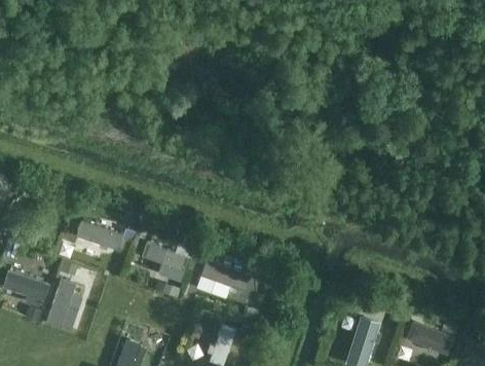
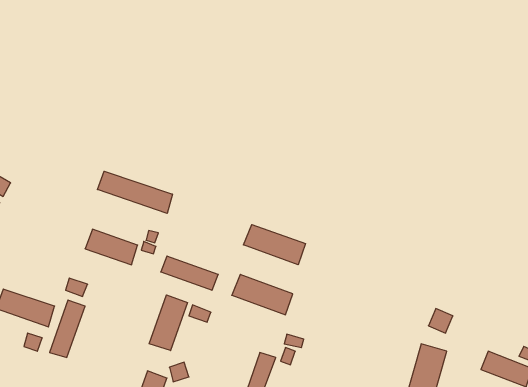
building: none -> [97,171,172,213]
building: none -> [243,225,305,265]
building: none -> [149,295,187,351]

